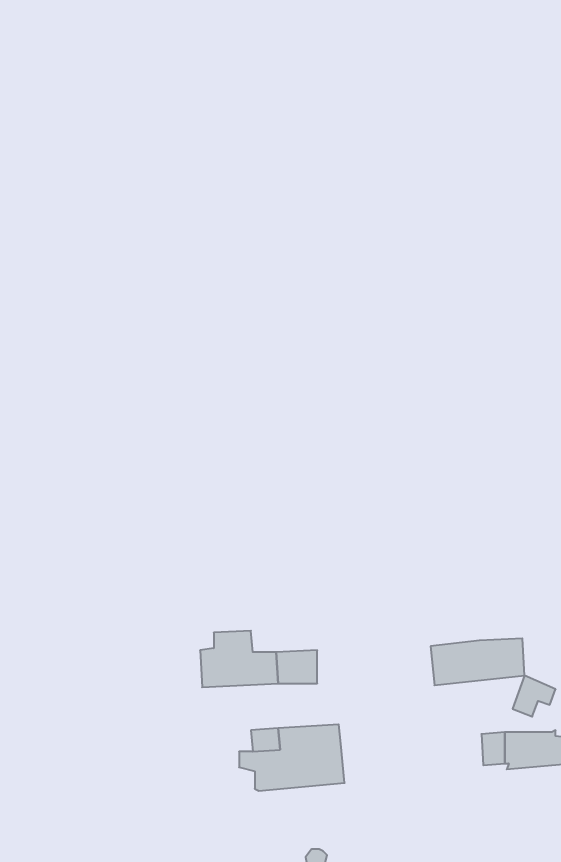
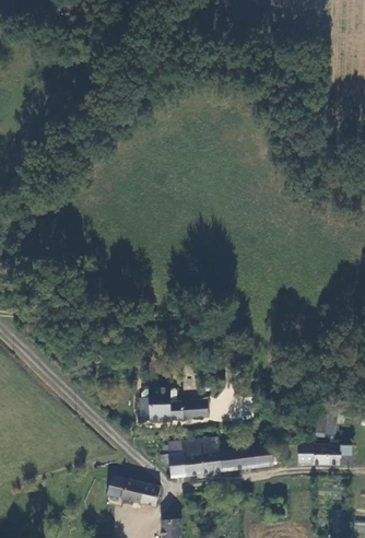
building: [431,638,524,685] -> [219,447,271,473]
building: none -> [102,476,161,506]

